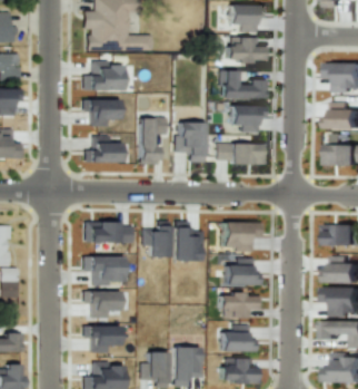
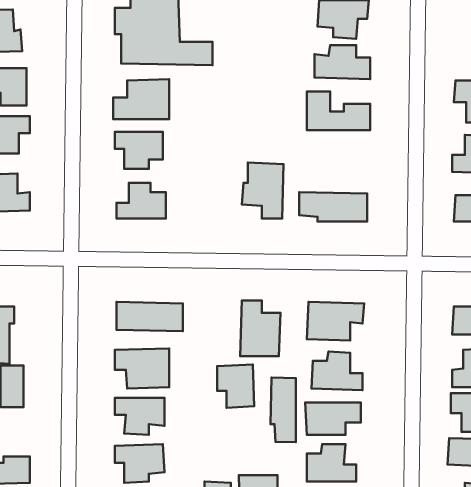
building: [231,105,268,132] -> none
building: [140,117,168,164] -> none
building: [143,226,170,257] -> [217,365,254,408]
building: none -> [271,377,296,442]

